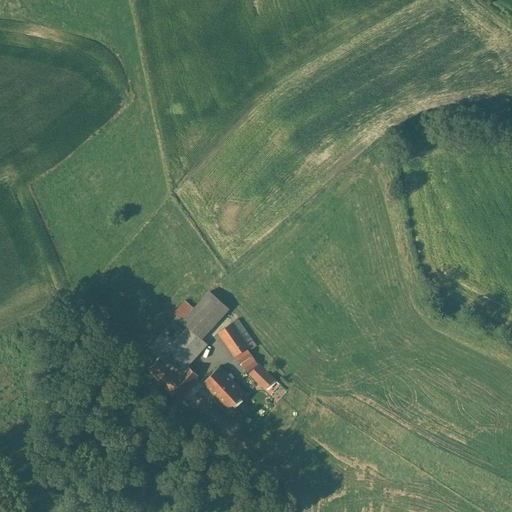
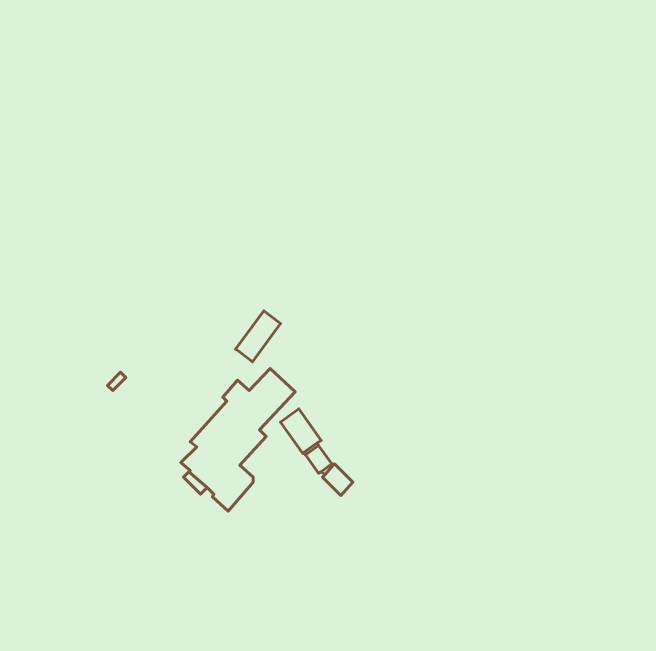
building: none -> [236,311,281,362]
building: [204,367,246,410] -> none

